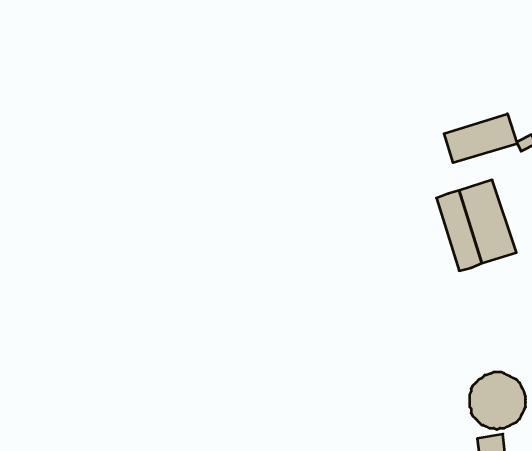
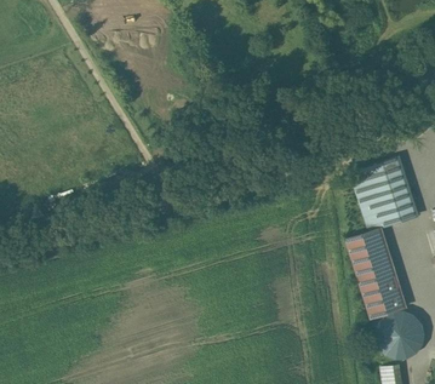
building: [444,114,517,163] -> none
building: none -> [345,228,405,317]

